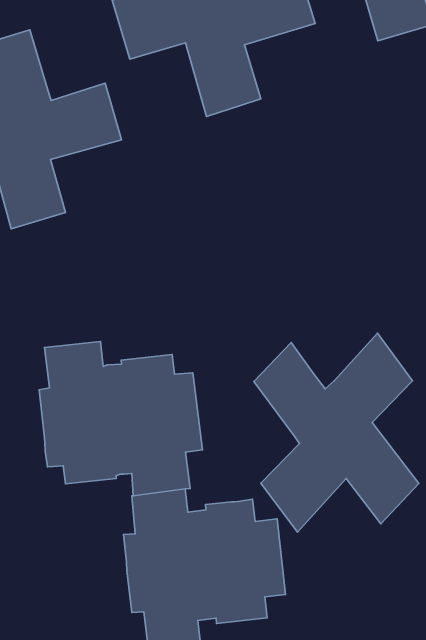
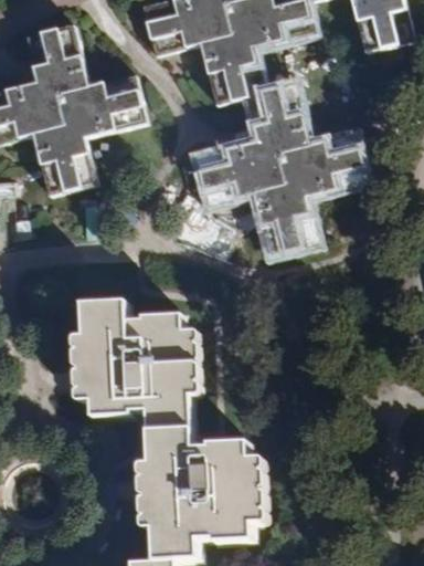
building: none -> [201,88,375,253]
building: [254,333,419,532] -> none

